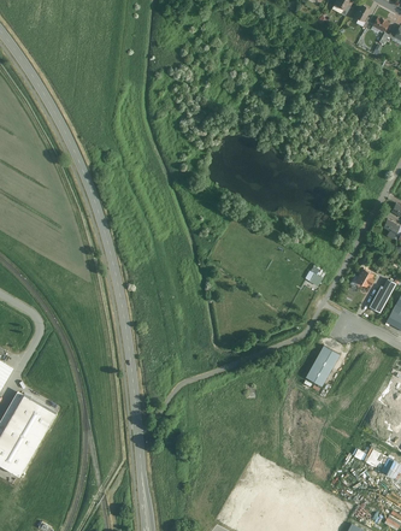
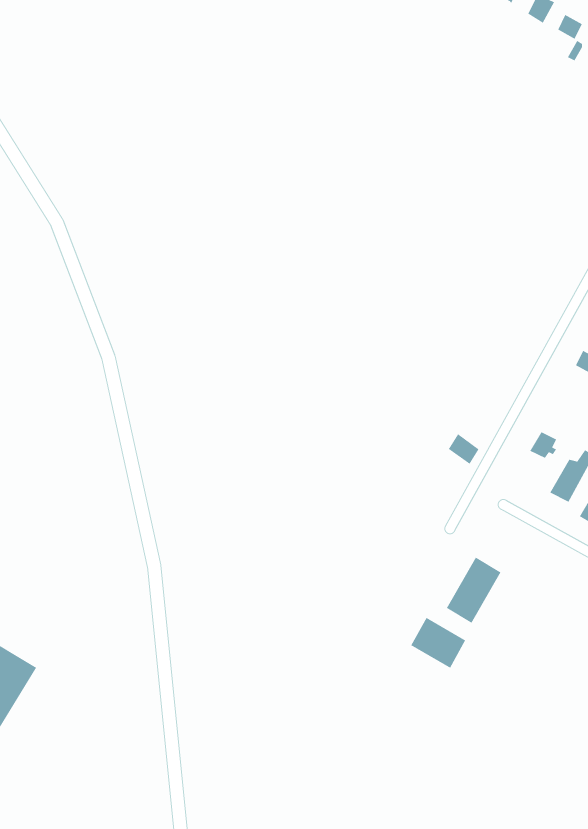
building: none -> [410,617,466,669]

